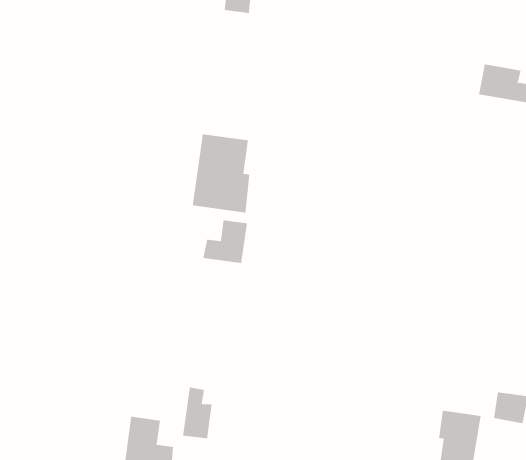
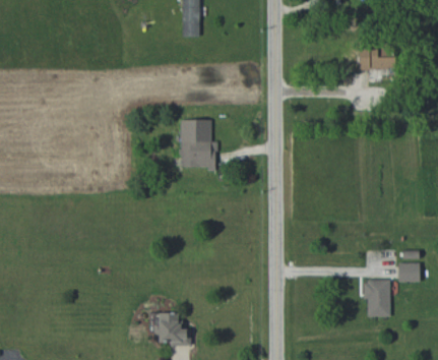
building: [202,219,248,264] -> none
building: [182,387,213,439] -> none

